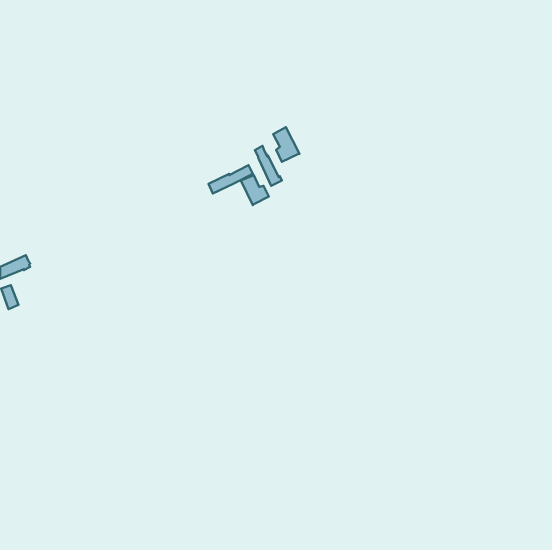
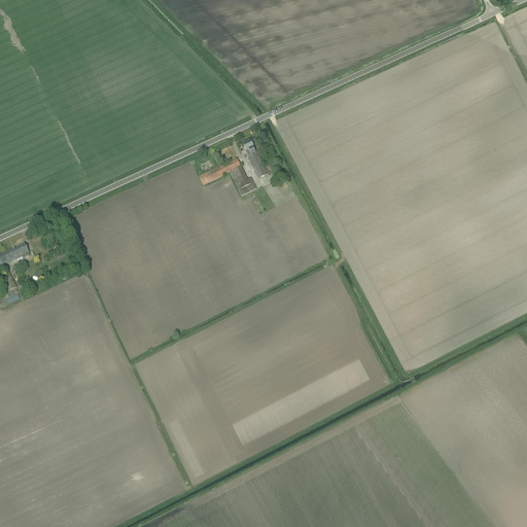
building: [273,127,299,162] -> none

